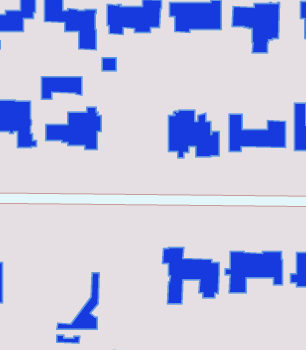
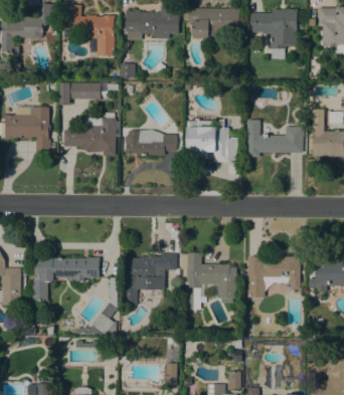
building: none -> [125,130,175,155]
building: none -> [122,253,176,305]
building: none -> [31,255,99,301]

